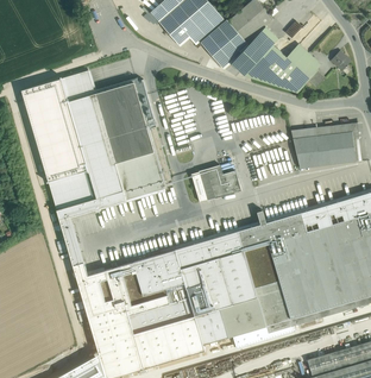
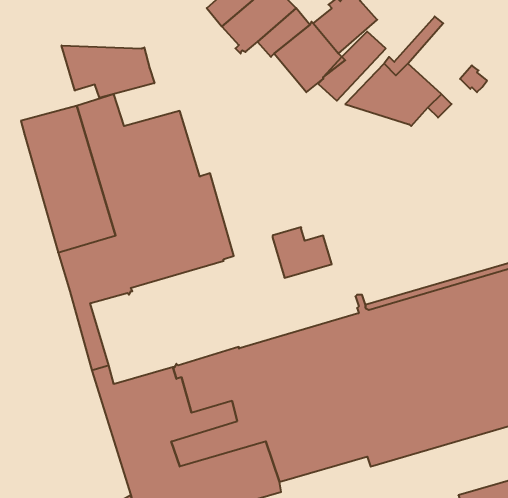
building: none -> [62,45,154,98]
building: [291,125,356,168] -> none

